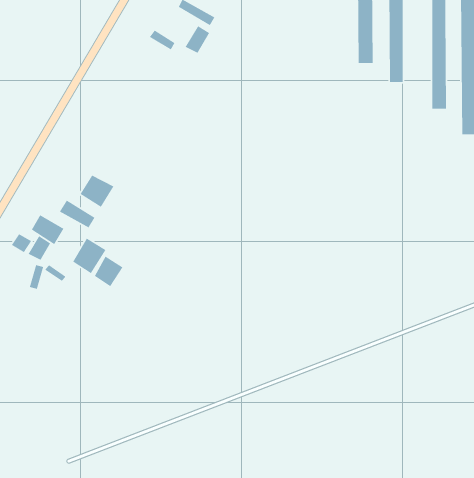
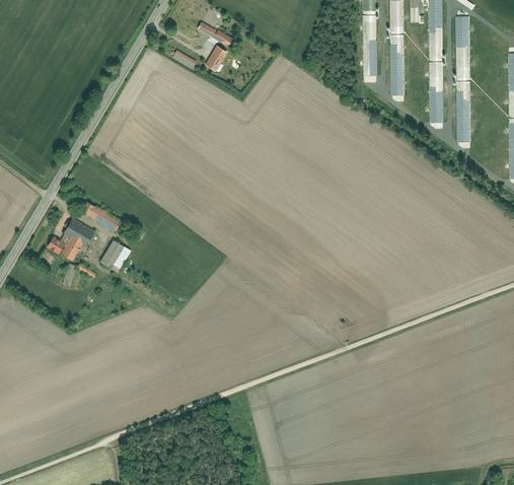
building: [79,174,114,208] -> none
building: [94,255,124,287] -> none

